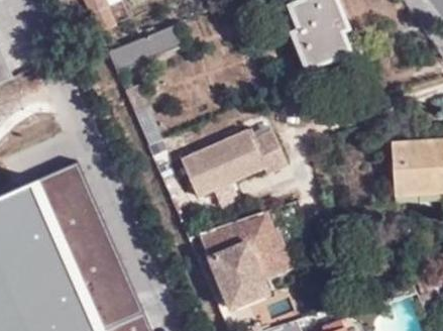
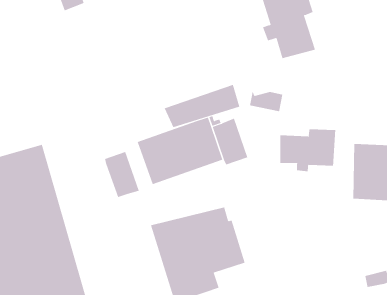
building: [107,23,181,70] -> [164,84,240,128]
building: none -> [280,128,336,172]
building: none -> [104,151,139,198]

